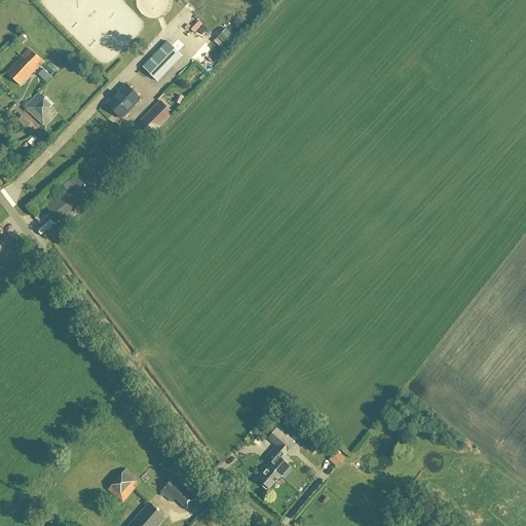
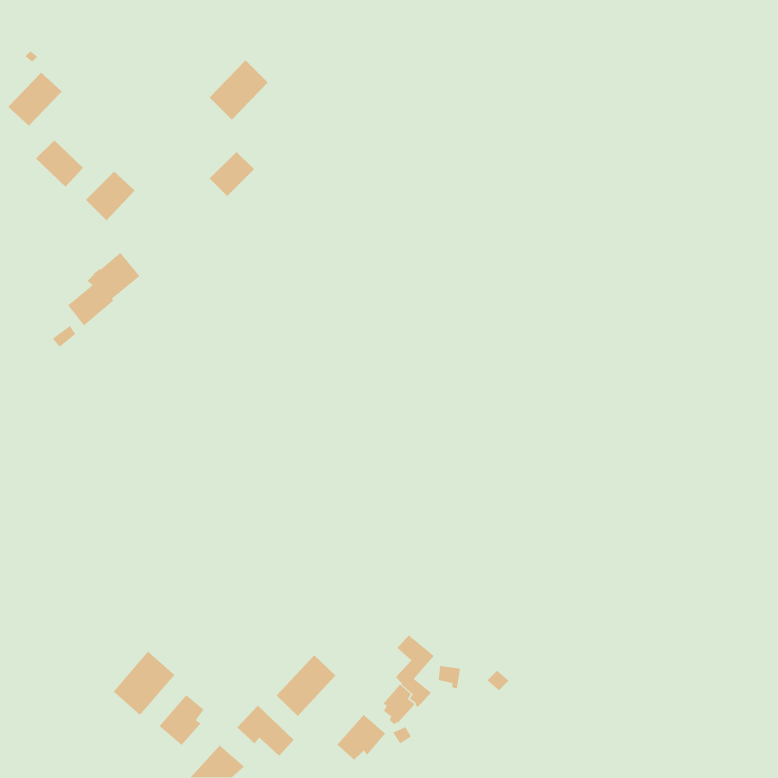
building: [106,84,140,118] -> [85,171,136,221]
building: none -> [113,650,176,716]
building: none -> [276,654,336,717]
building: none -> [337,714,386,760]

